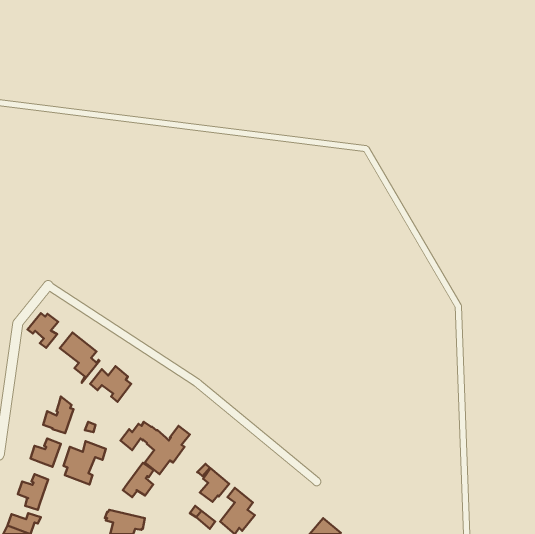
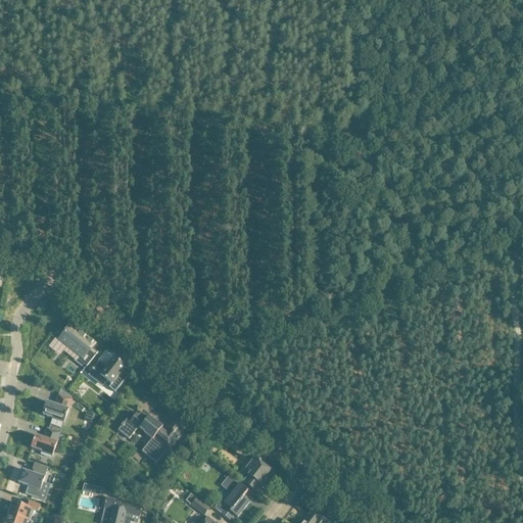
building: [27,313,58,348] -> none
building: [63,441,106,485] -> none
building: [123,463,153,497] -> none
building: [200,468,229,502] -> [243,457,272,489]

